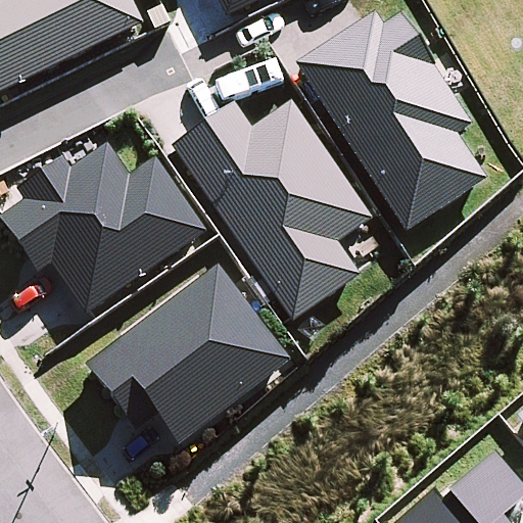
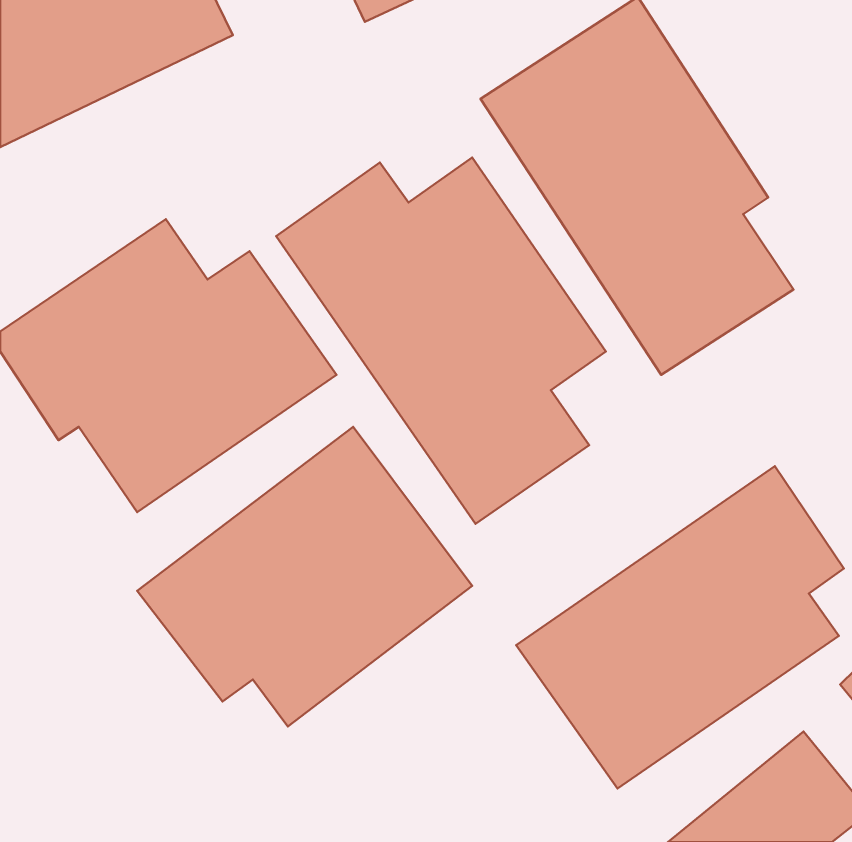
building: none -> [516,466,844,788]

